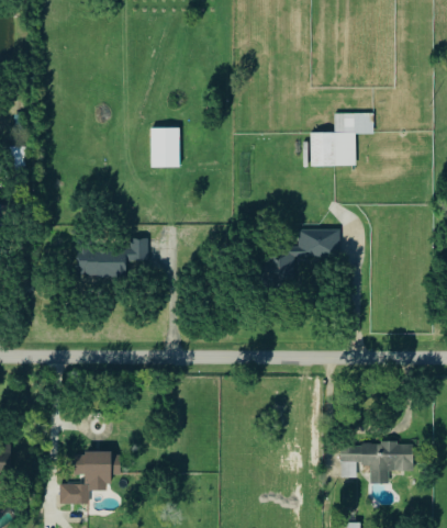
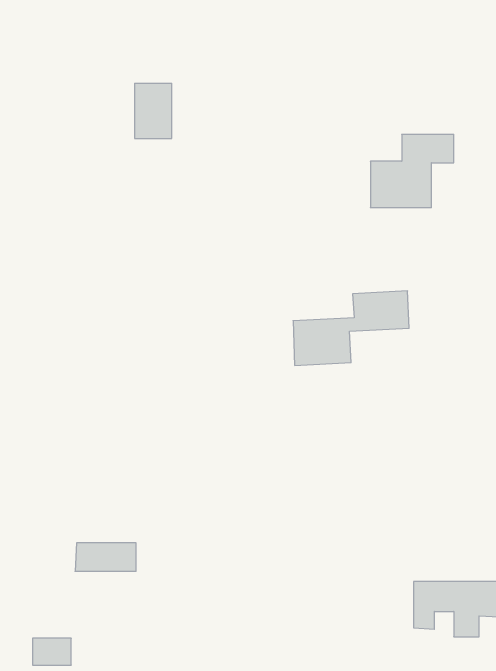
building: [152,128,179,169] -> [135,83,172,138]
building: [77,239,148,277] -> none
building: [74,453,119,474] -> [75,543,136,571]

